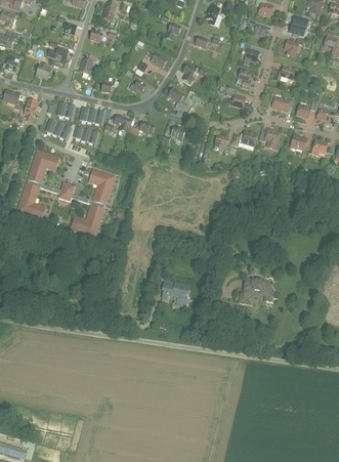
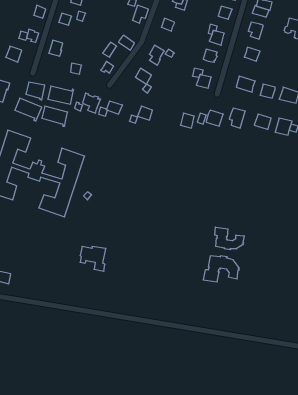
building: none -> [215,227,244,250]
building: [162,282,188,307] -> [80,246,106,271]

